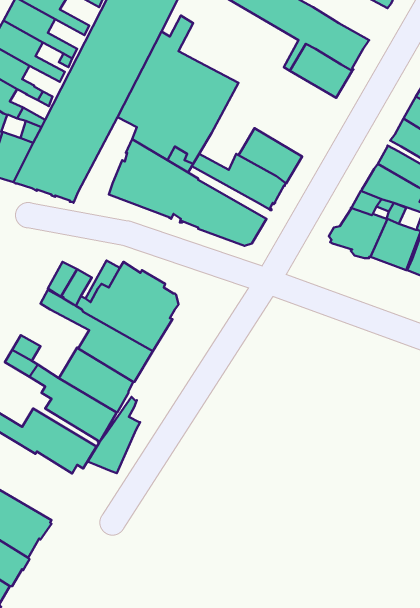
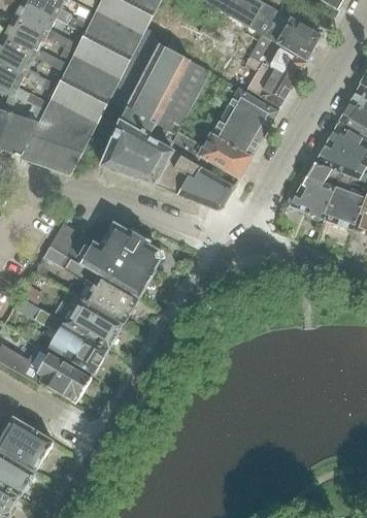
building: none -> [245,58,294,106]
building: none -> [225,88,278,133]
building: [88,397,140,473] -> none

